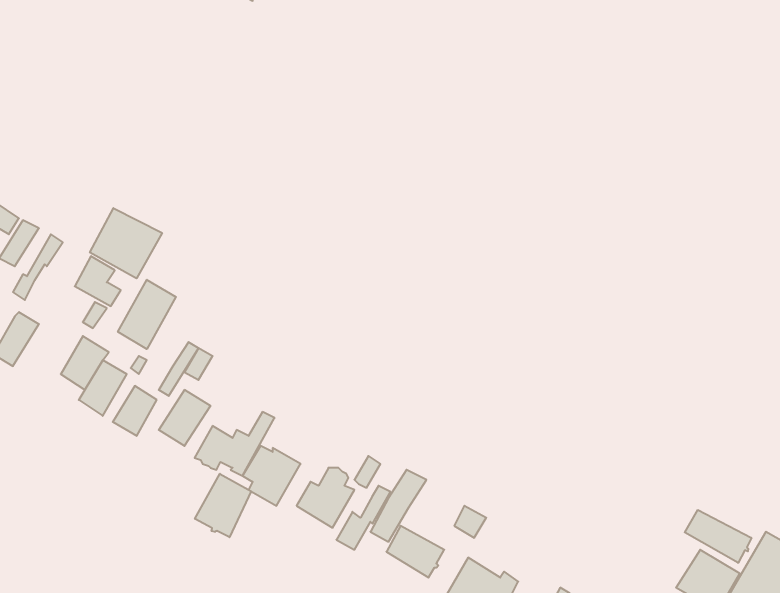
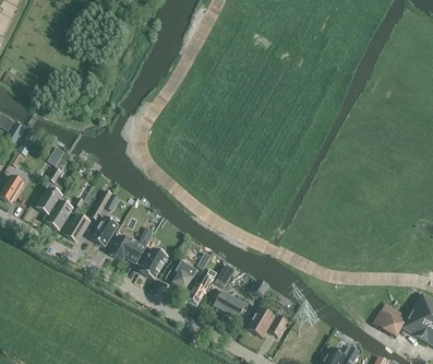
building: [90,208,162,278] -> none
building: [118,280,176,349] -> none
building: [195,474,251,537] -> none
building: [685,510,751,563] -> none

